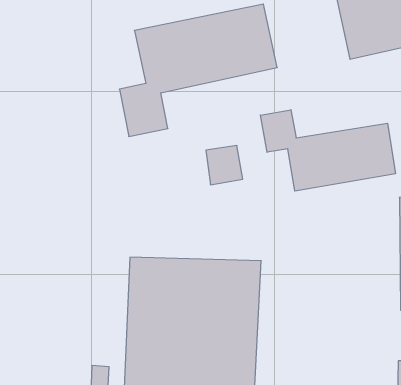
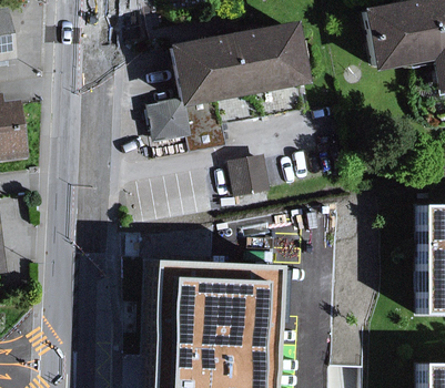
building: [260,110,395,191] -> none

